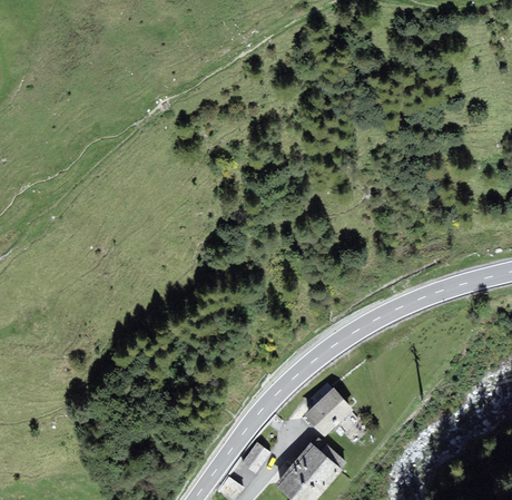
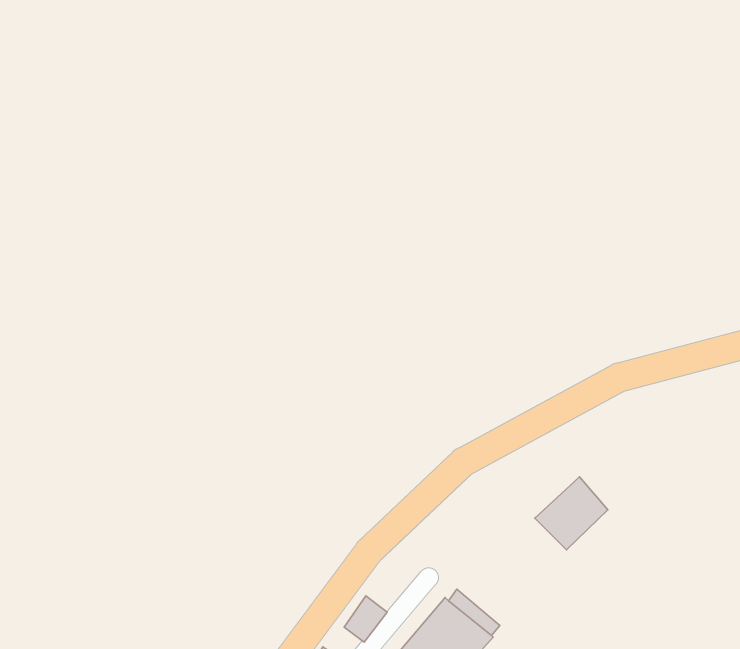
building: [303,386,352,435] -> [535,477,608,550]

